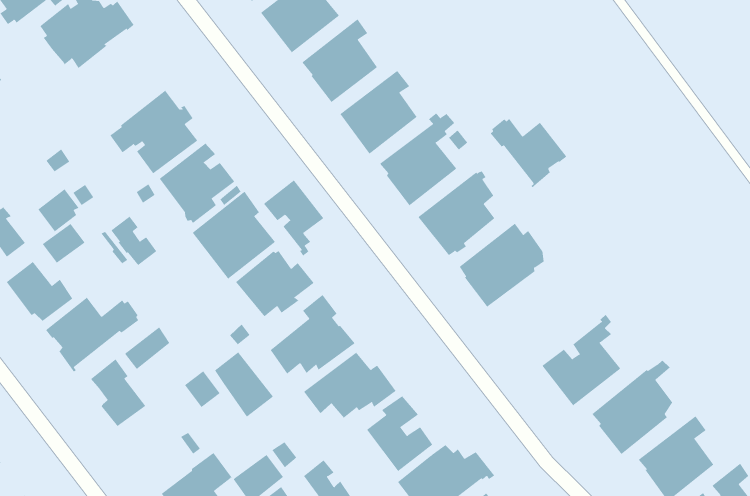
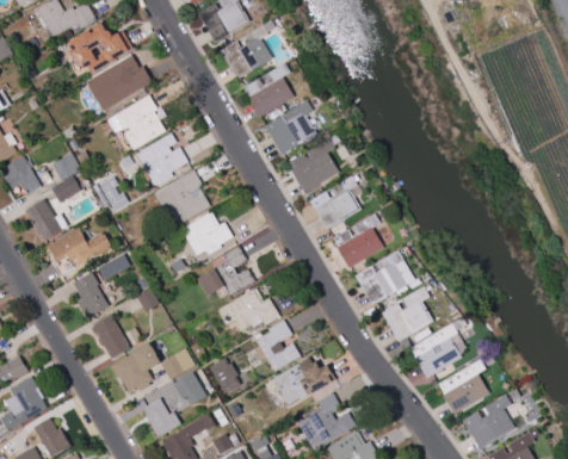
building: none -> [86,55,152,111]
building: [490,118,567,188] -> none
building: [263,180,324,257] -> none
building: none -> [353,250,414,305]
building: [214,352,274,418] -> [93,315,131,360]

